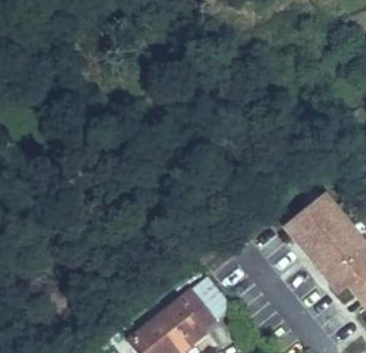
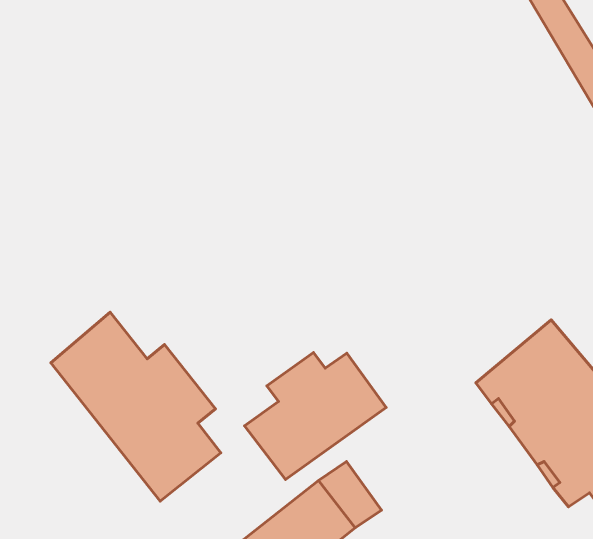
building: none -> [51,312,221,501]
building: none -> [244,352,386,479]

